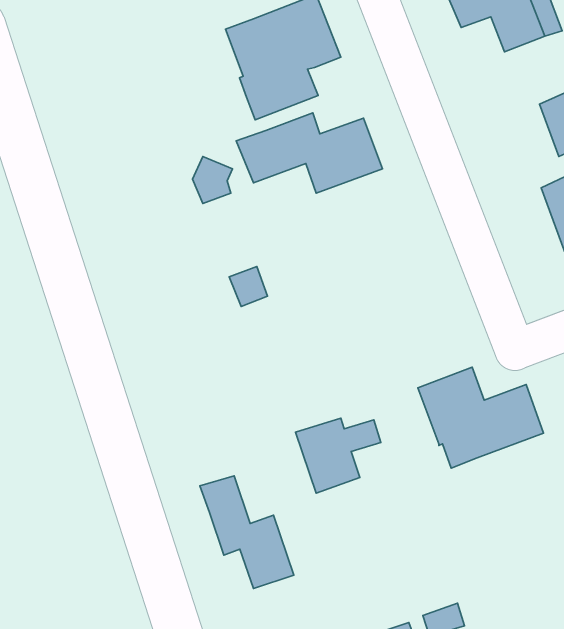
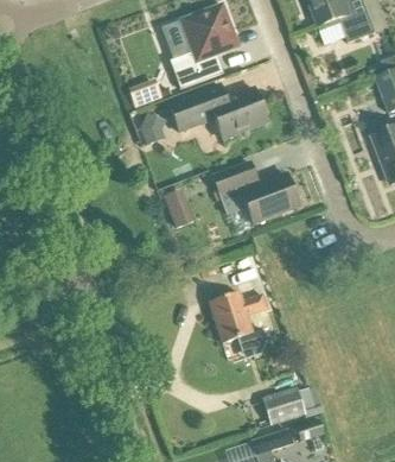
building: [418,367,544,468] -> [214,162,299,230]
building: [200,476,294,588] -> none
building: none -> [261,387,304,425]

